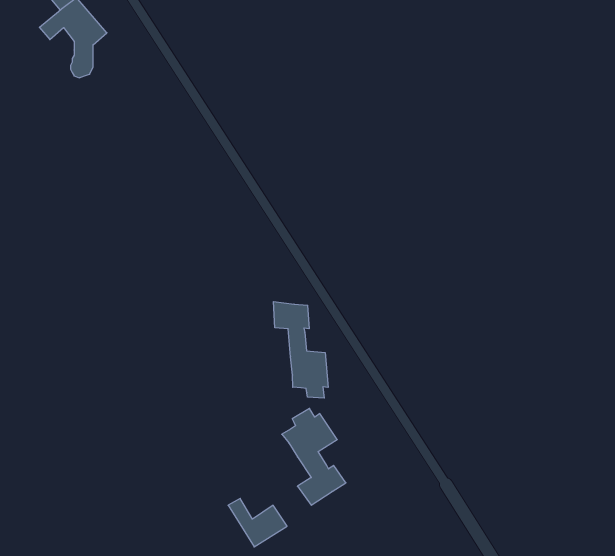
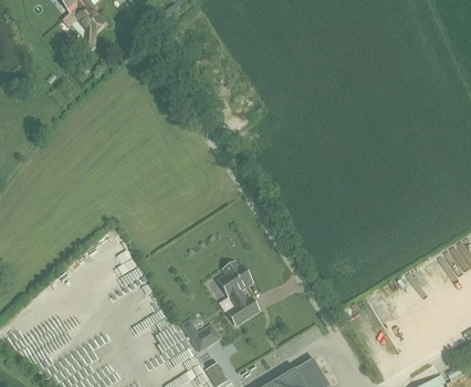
building: [273,302,328,398] -> none

